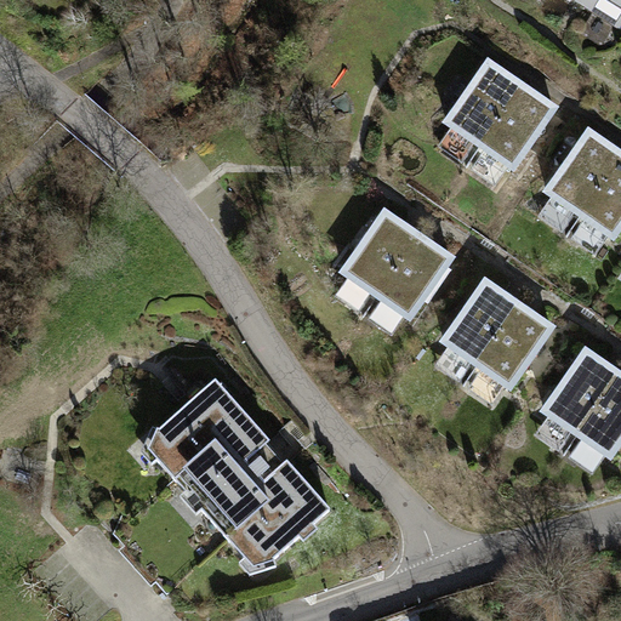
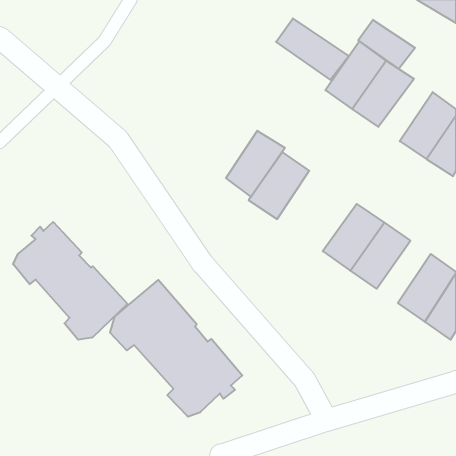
building: none -> [276,18,349,80]
building: none -> [358,20,415,69]
building: [376,233,456,323] -> [226,131,285,197]
building: none -> [13,222,128,340]

